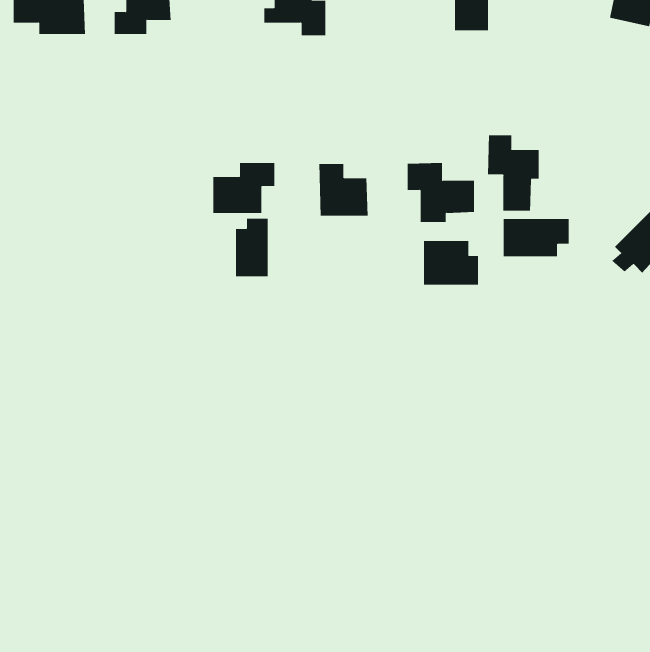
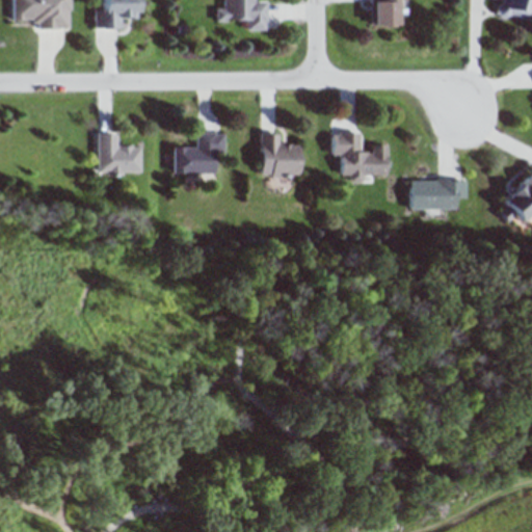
building: [487,135,539,212] -> none
building: none -> [99,132,143,174]
building: [235,218,268,277] -> none
building: [423,240,478,286] -> none

